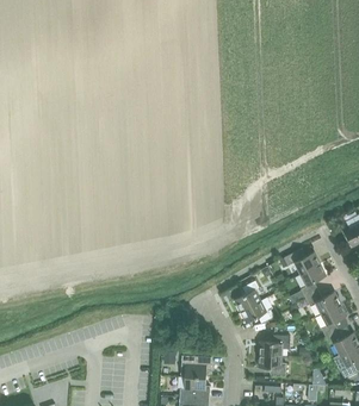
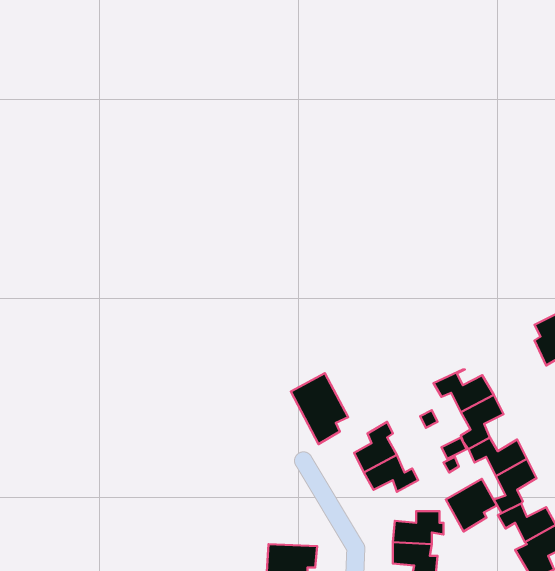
building: none -> [291,373,348,444]
building: none -> [446,479,497,531]

